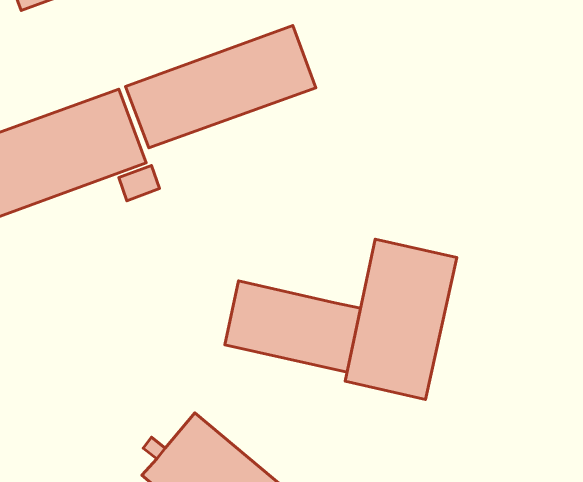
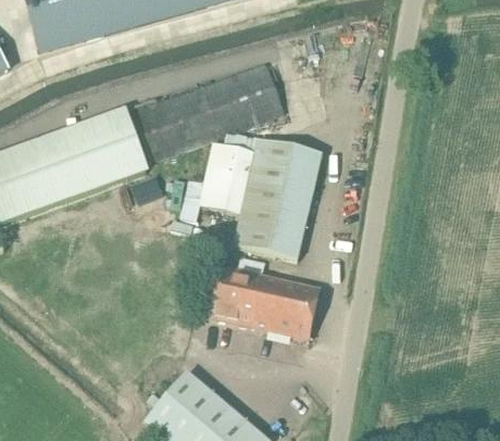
building: none -> [179,133,320,259]
building: [345,239,457,399] -> none

